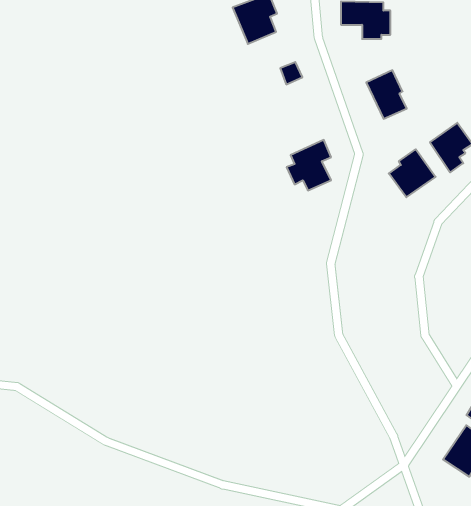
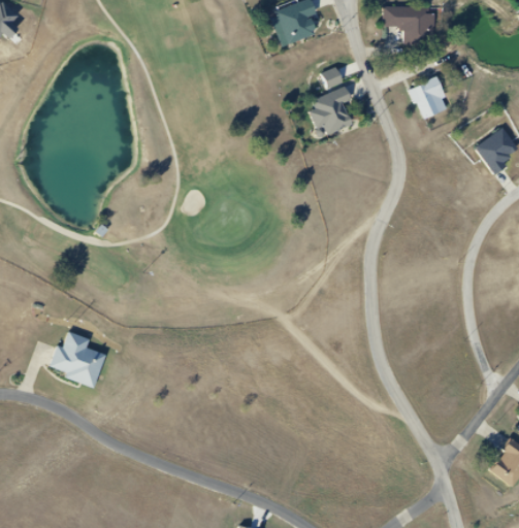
building: [287,140,331,190] -> [307,82,353,134]
building: [389,149,436,197] -> none
building: none -> [48,330,106,390]

